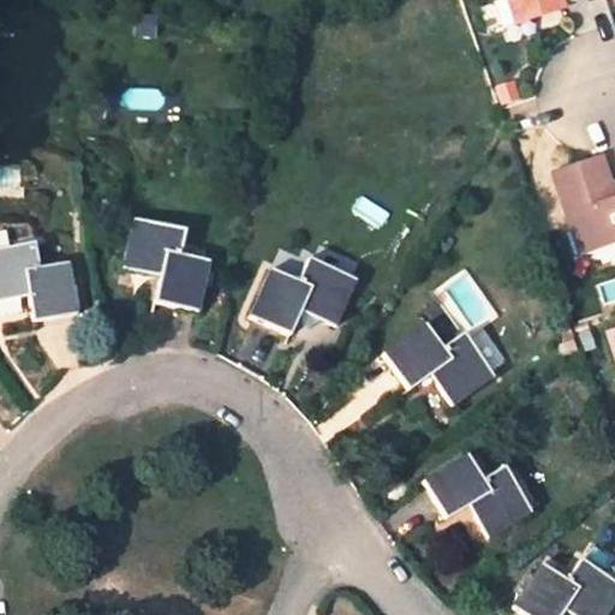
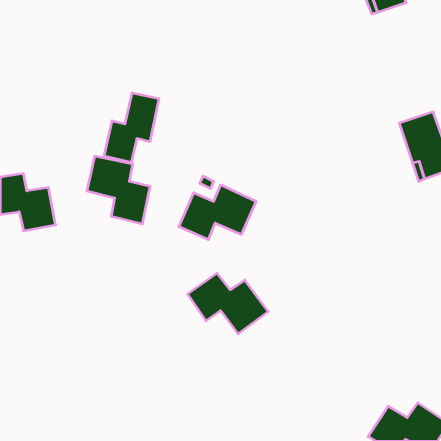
building: none -> [104,93,159,162]
building: [384,322,496,406] -> [188,273,268,334]
building: [423,452,533,537] -> none

